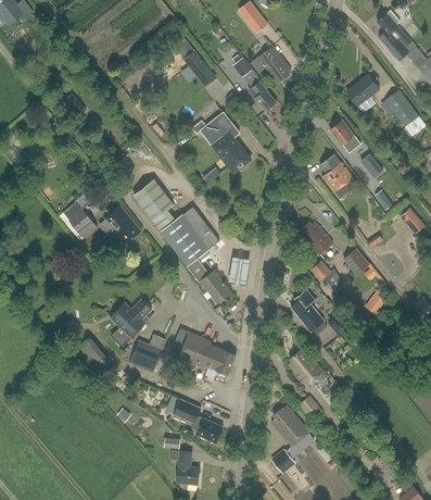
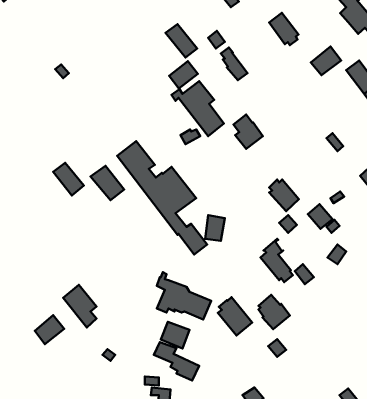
building: [257,46,290,82] -> [269,13,299,45]
building: none -> [169,61,198,88]
building: [329,120,360,152] -> none
building: [319,153,352,191] -> [233,115,263,149]
building: [110,299,151,345] -> none
building: [130,340,162,370] -> [161,322,190,348]
building: none -> [35,315,64,344]
building: [270,404,308,447] -> [218,297,252,335]

